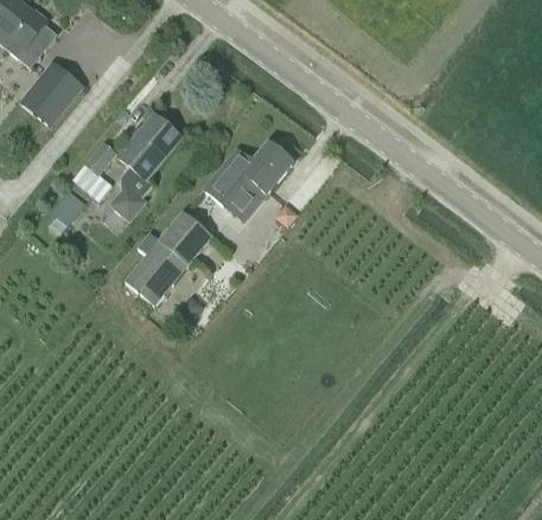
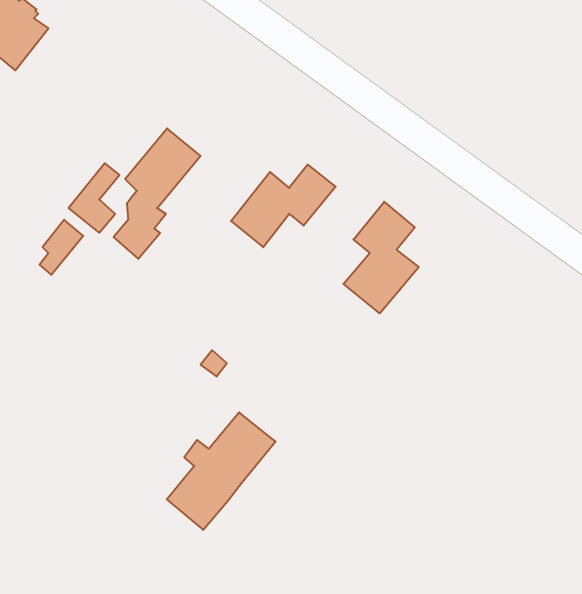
building: [32,64,83,128] -> none
building: none -> [343,202,419,313]
building: [123,211,212,307] -> [167,412,276,530]

